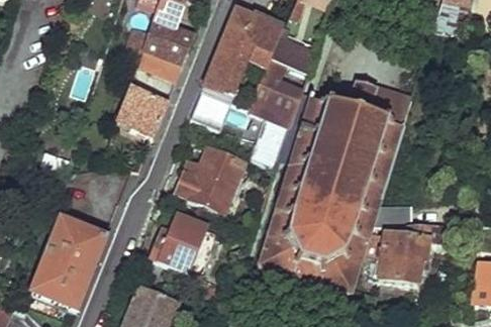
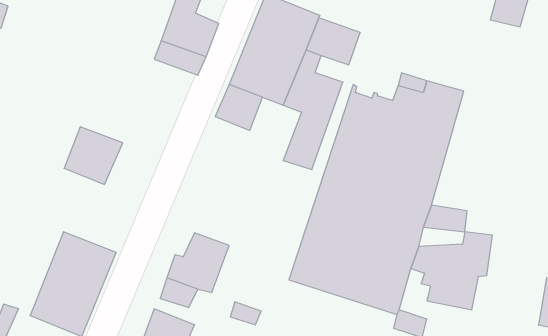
building: [116,84,168,134] -> [64,127,123,184]
building: [175,147,243,211] -> none

